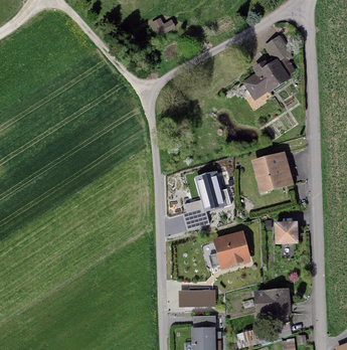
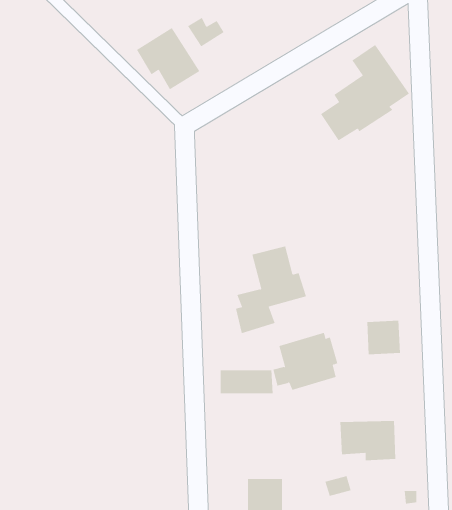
building: none -> [136,27,200,90]
building: [251,150,294,192] -> none
building: [179,290,215,306] -> [220,370,274,394]

